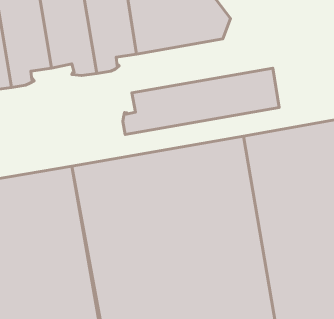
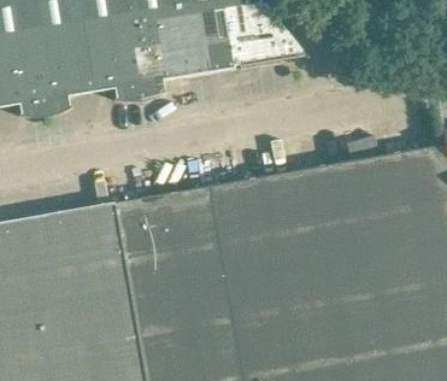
building: [123,68,279,135] -> none

